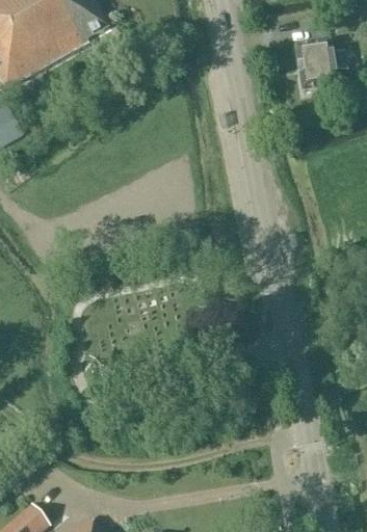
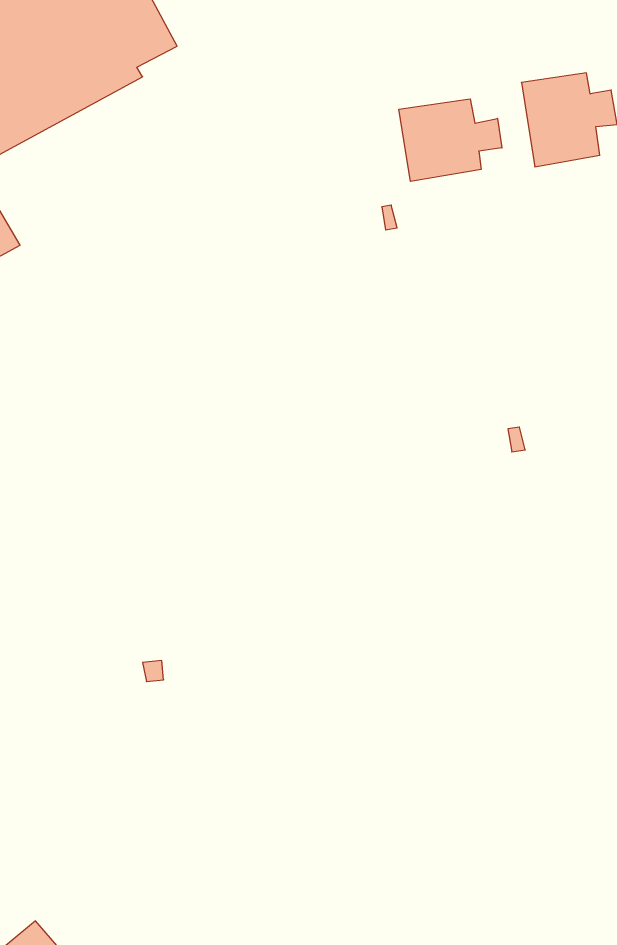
building: none -> [399,99,502,181]

